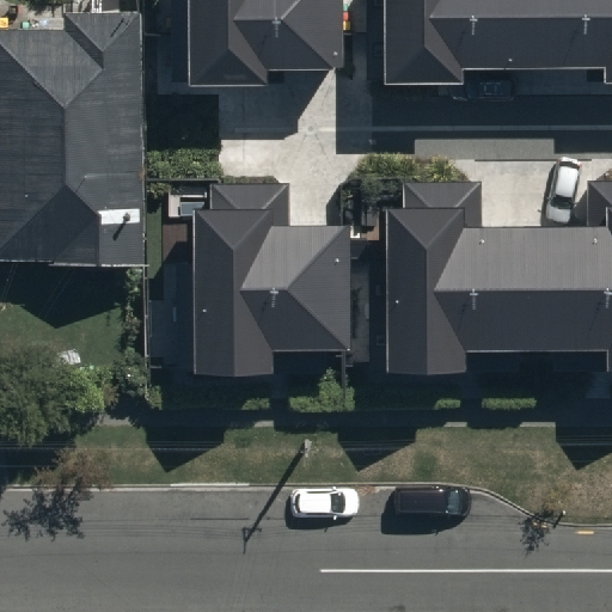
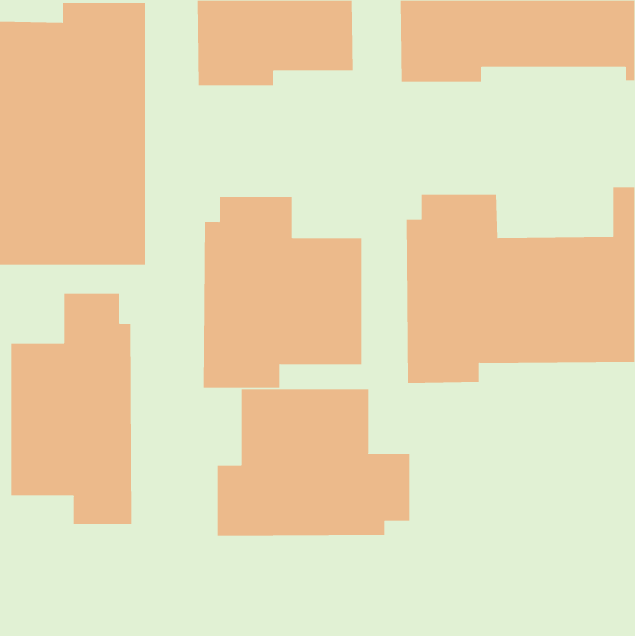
building: none -> [11,293,132,525]
building: none -> [217,388,410,537]

